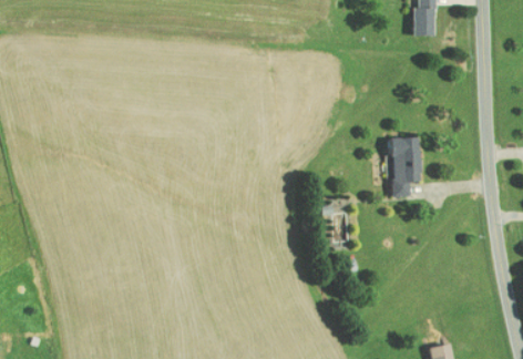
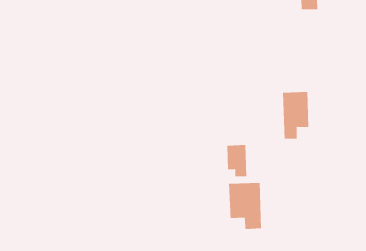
building: none -> [229,182,261,230]

